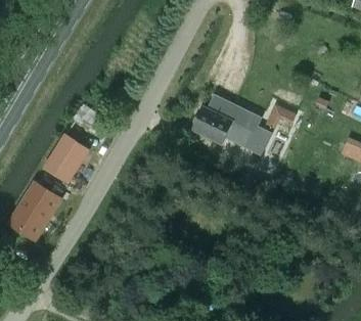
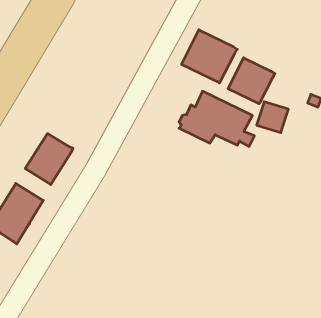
building: none -> [182,30,237,83]
building: none -> [228,58,275,104]

